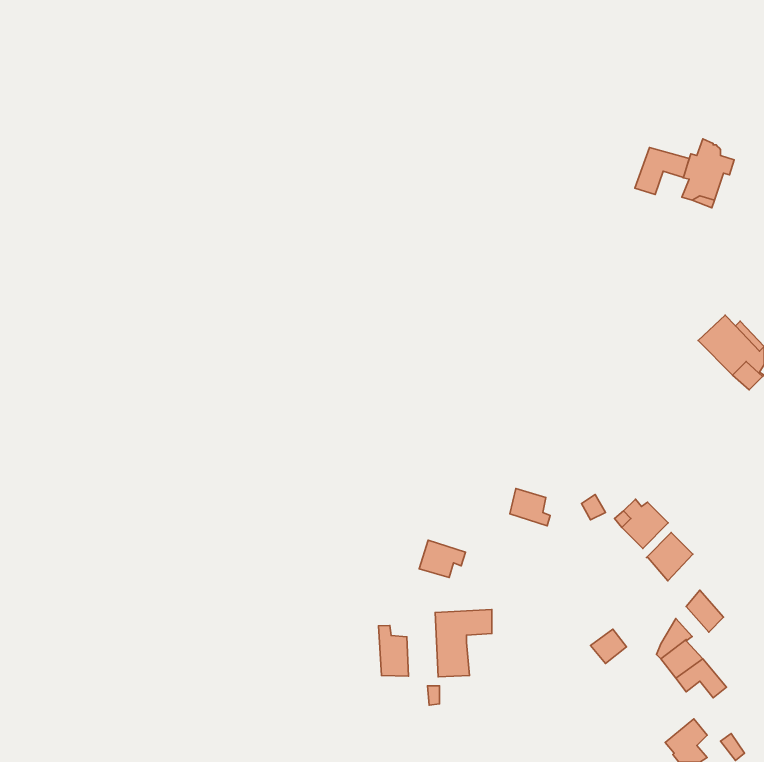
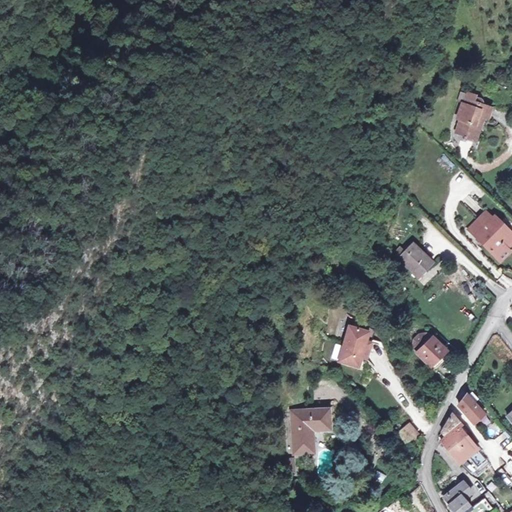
building: [635,148,689,194] -> none
building: none -> [399,243,433,278]
building: [646,533,693,581] -> none
building: [419,540,466,578] -> [335,344,366,369]
building: [379,625,409,676] -> none

